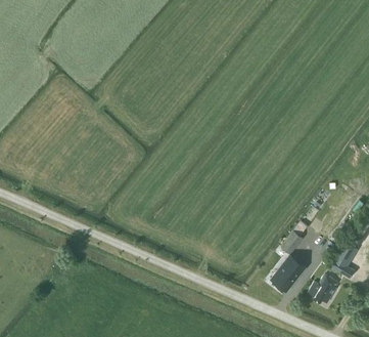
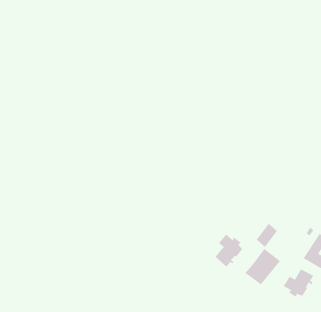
building: none -> [215,234,243,267]

